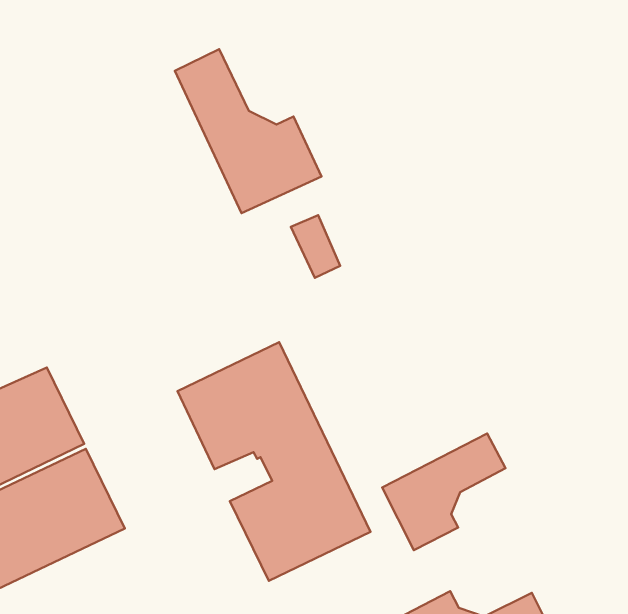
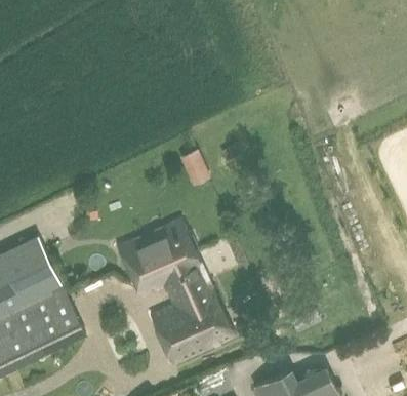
building: [175,49,322,213] -> none
building: [382,434,506,550] -> none

